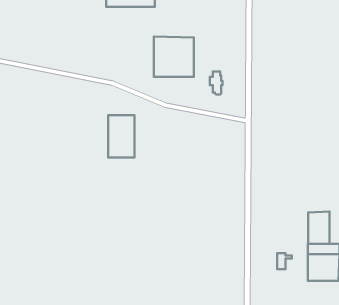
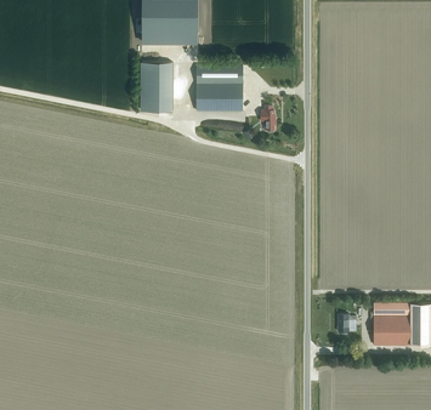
building: [108,115,135,158] -> [142,64,172,113]
building: [308,211,330,244] -> none

